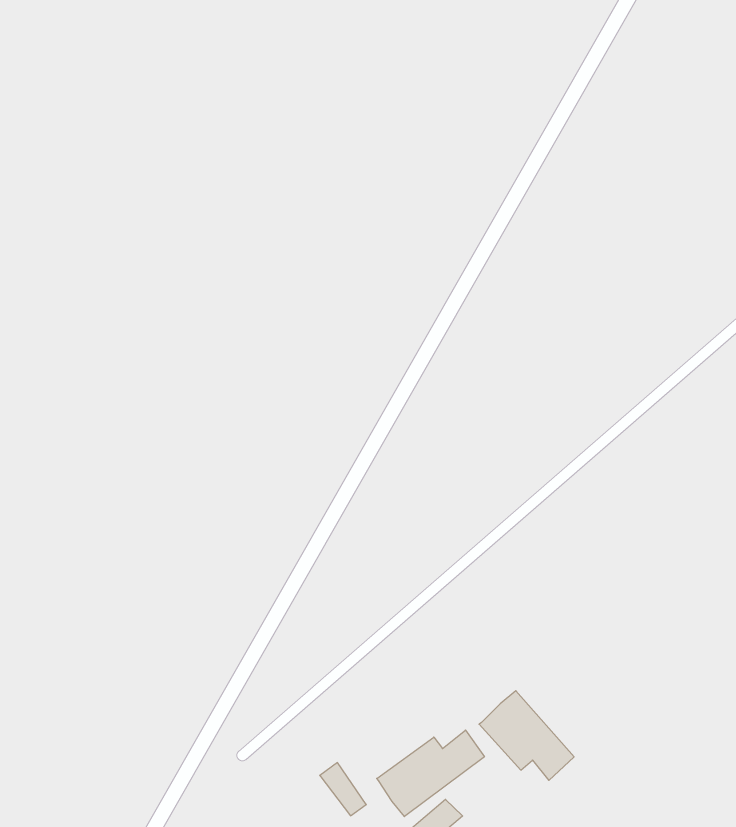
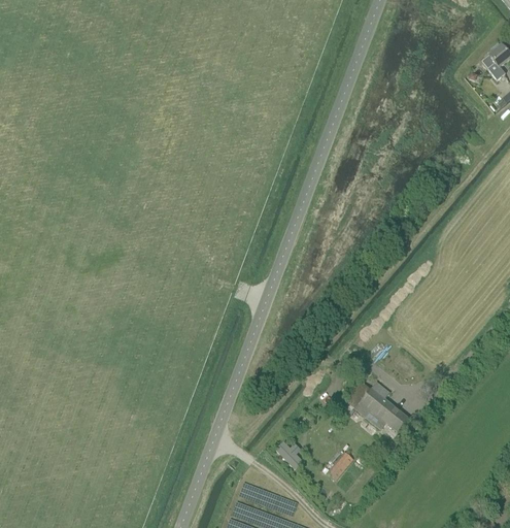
building: [377,730,484,817] -> none

